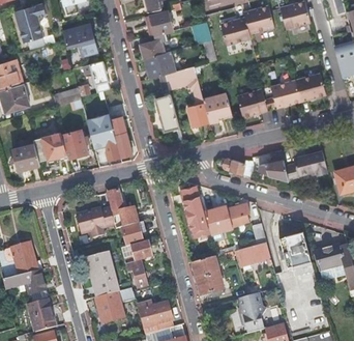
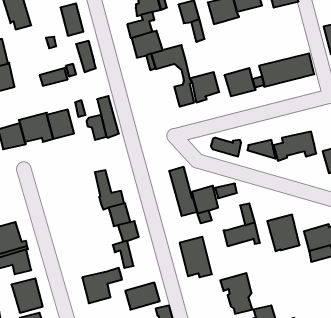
building: [155,94,179,131] -> none
building: [77,207,115,237] -> none
building: [86,252,119,296] -> none

